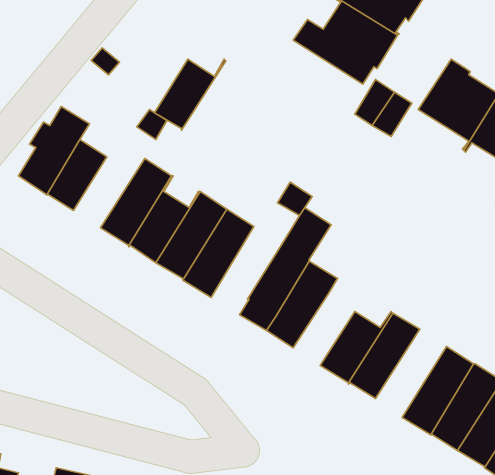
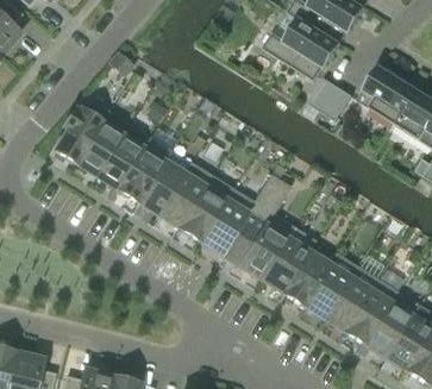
building: [155,59,226,130] -> [98,137,151,190]
building: none -> [201,189,255,256]
building: none -> [263,240,309,294]
building: none -> [325,266,378,333]

